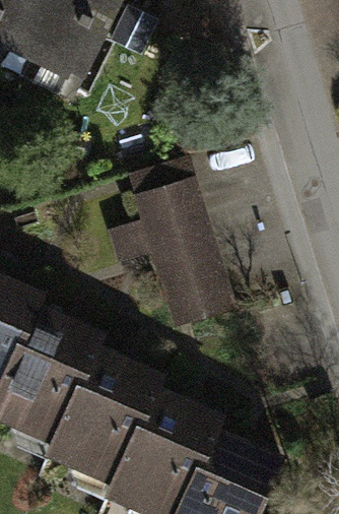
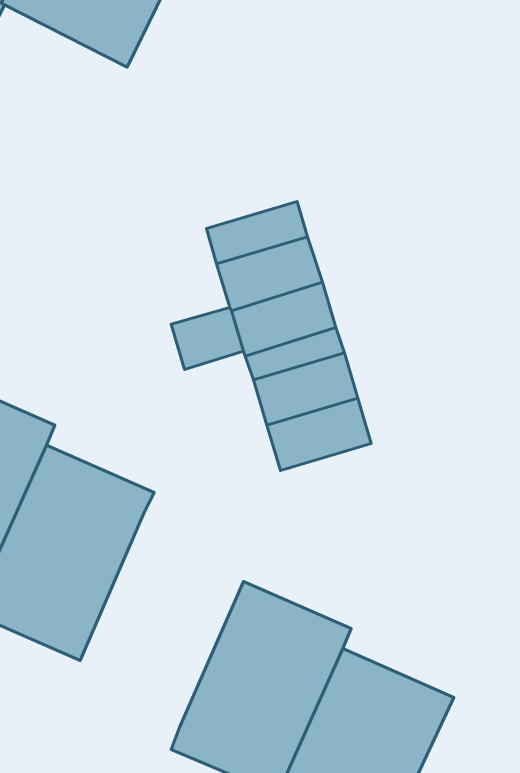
building: [48,351,157,481] -> none

